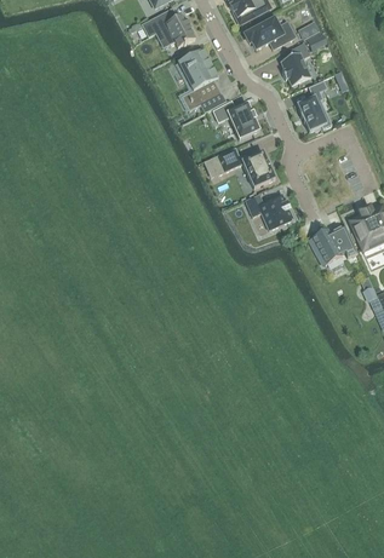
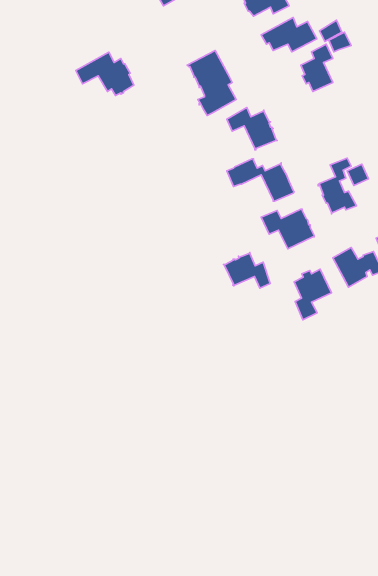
building: [141,7,194,47] -> [76,52,134,96]
building: [296,81,331,132] -> [318,158,357,214]
building: none -> [224,252,270,288]
building: none -> [294,269,331,320]

